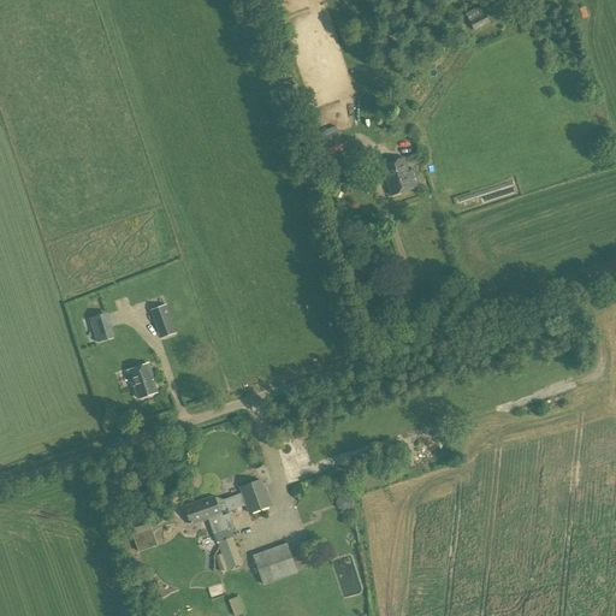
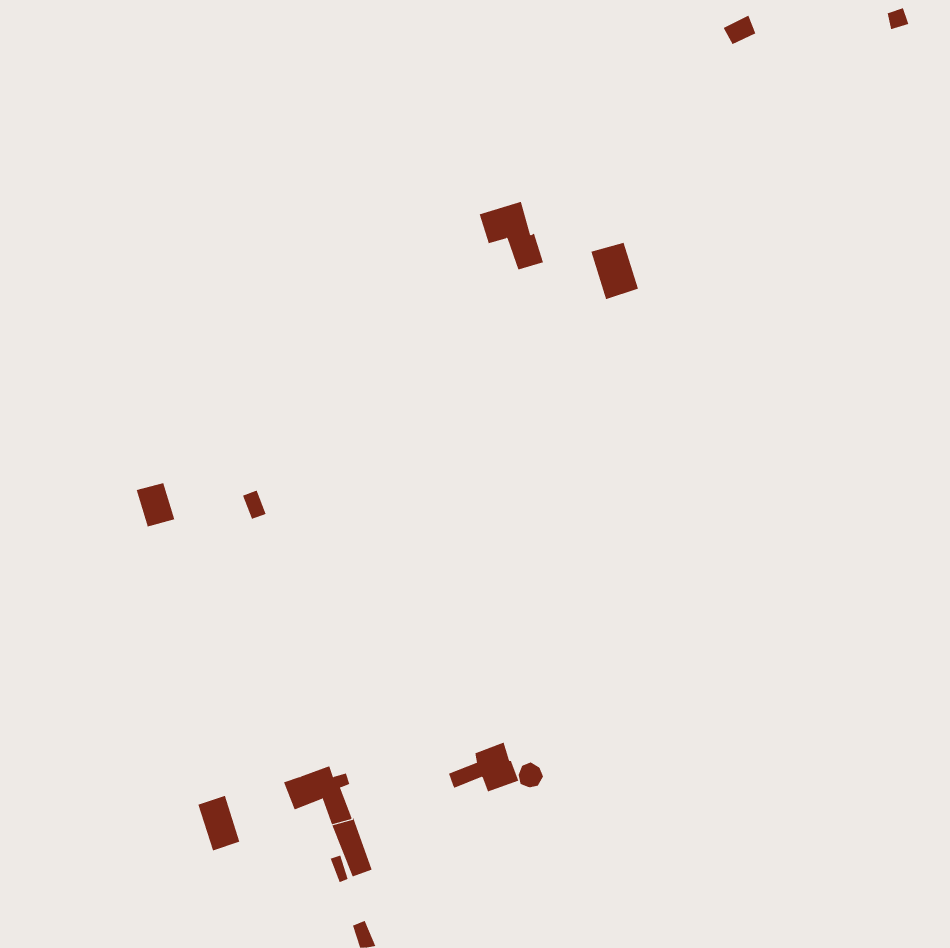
building: [126,362,155,398] -> none
building: [224,479,270,511] -> [448,742,519,792]
building: [251,541,296,584] -> none

